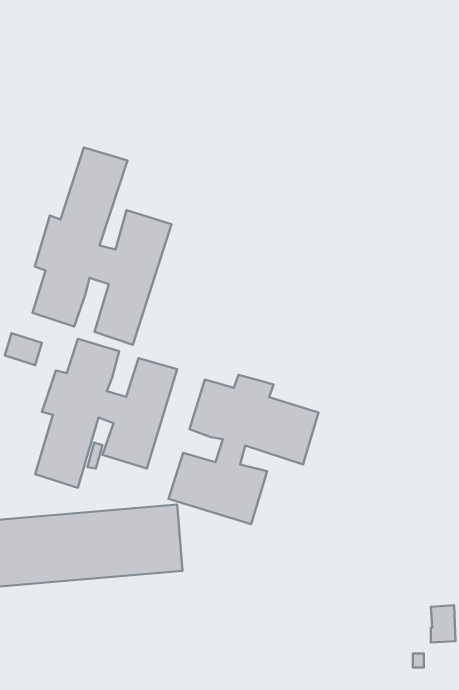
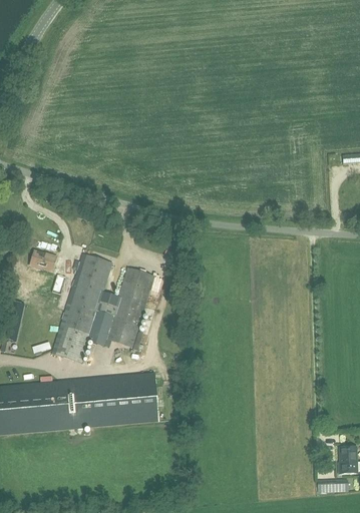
building: [33,147,171,345] -> none
building: [168,375,318,524] -> none

